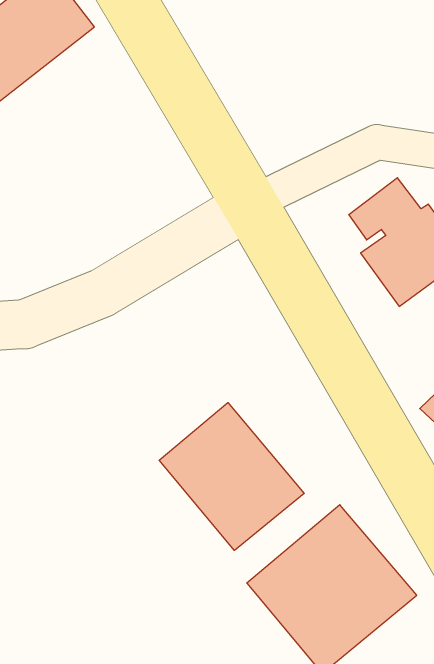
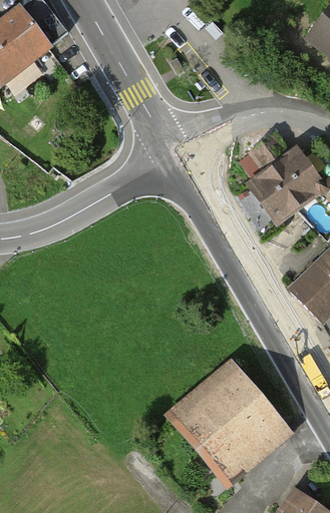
building: [159,403,304,550] -> none

